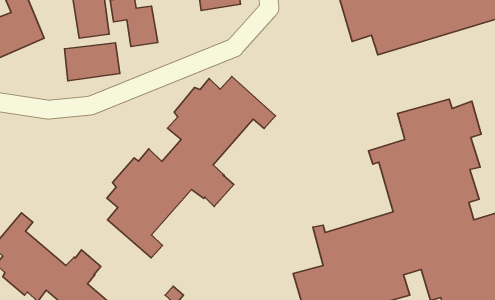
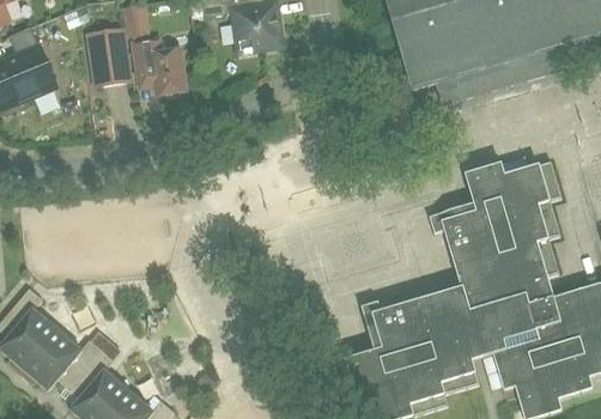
building: [65,43,120,81] -> none
building: [107,77,276,258] -> none

